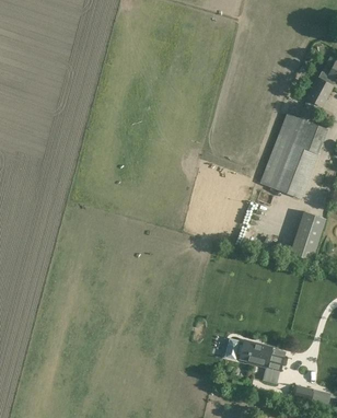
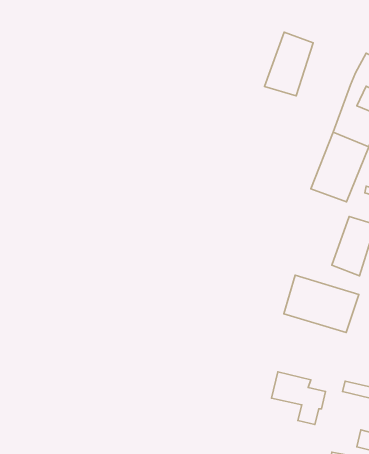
building: none -> [264,32,313,96]
building: none -> [284,275,359,332]

